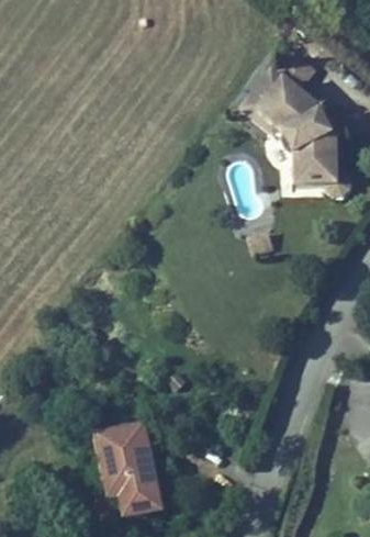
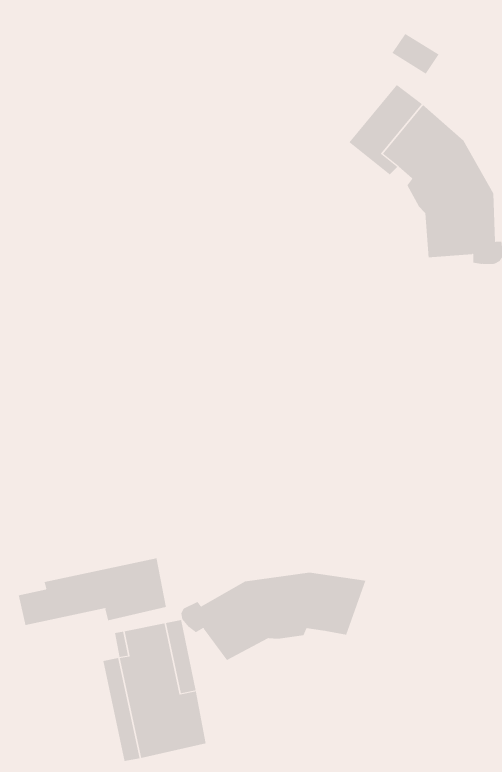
building: none -> [18,557,167,626]
building: none -> [181,572,366,661]

